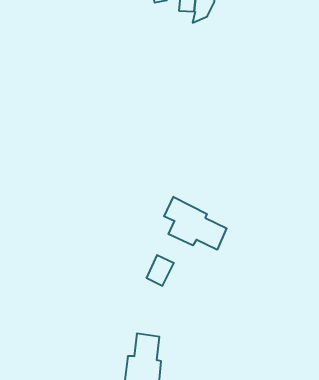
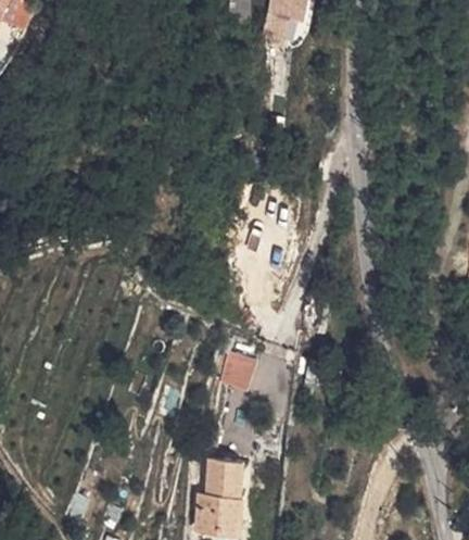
building: [164,197,227,250] -> none

